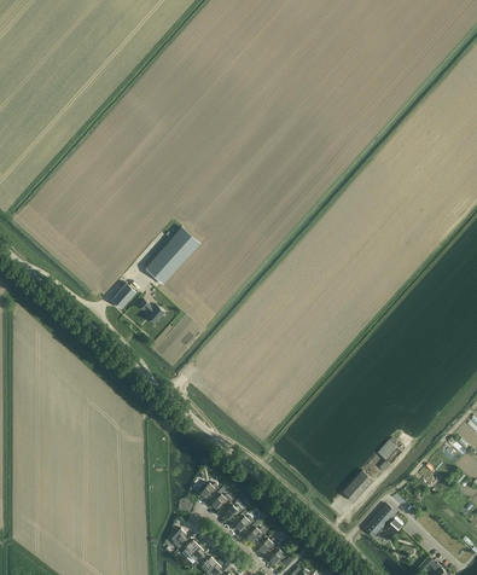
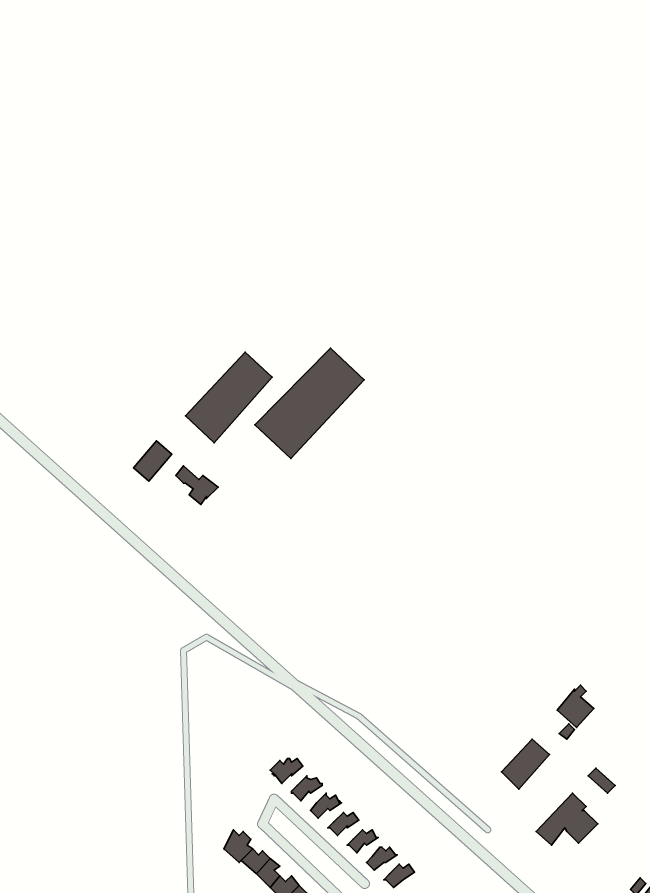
building: none -> [255,348,364,459]

